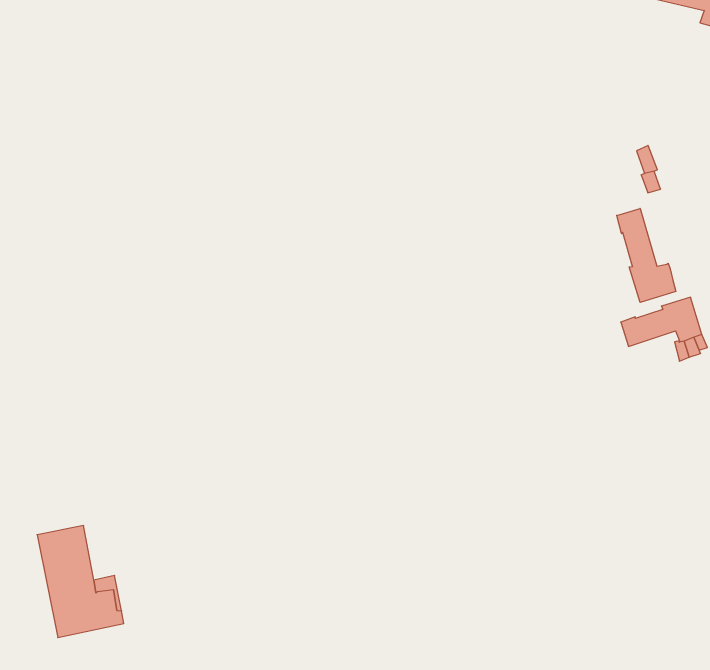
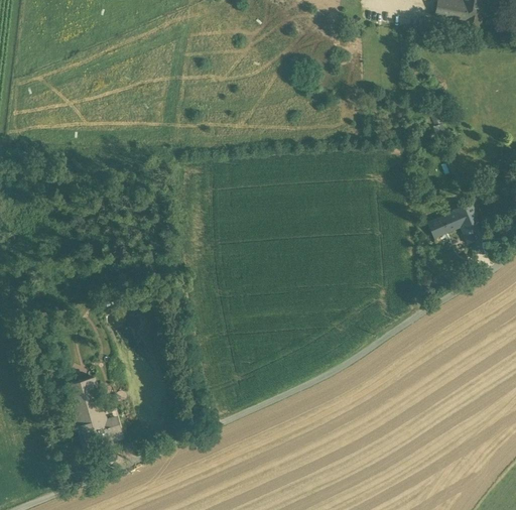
building: [617,208,676,302] -> none

